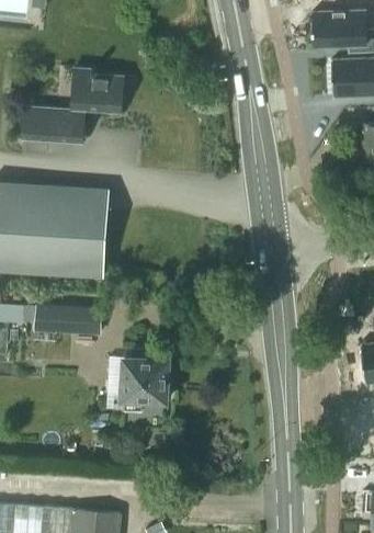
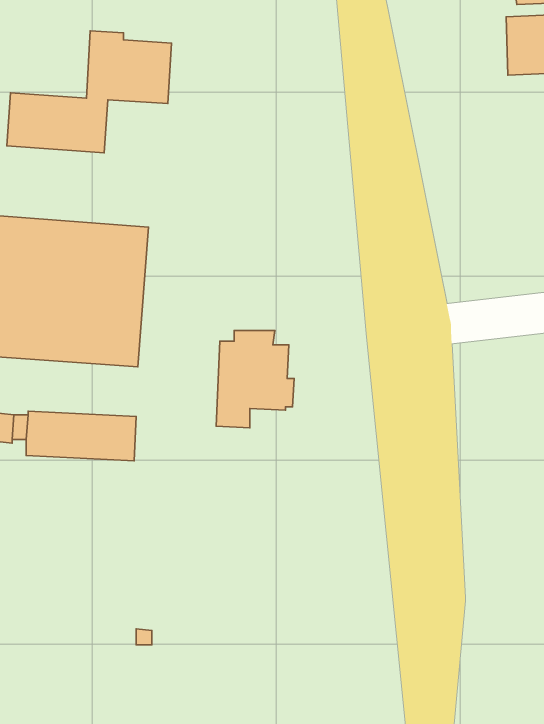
building: [123,350,171,410] -> [216,331,294,428]

